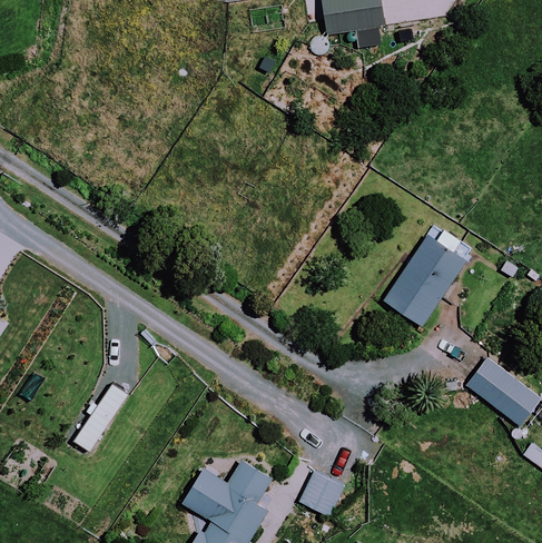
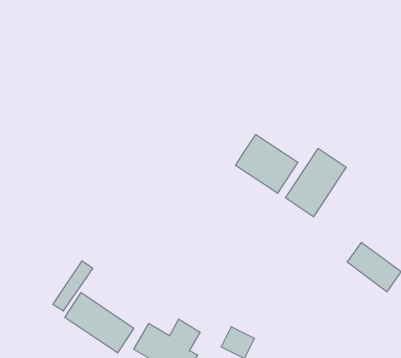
building: none -> [236,134,298,193]
building: none -> [65,293,134,353]

